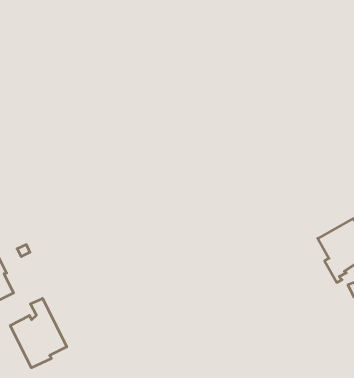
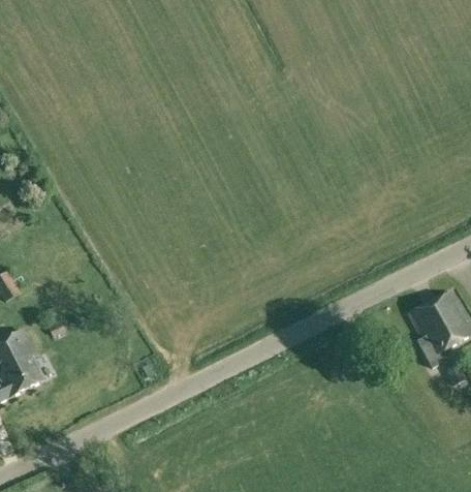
building: [10,298,67,368] -> none

